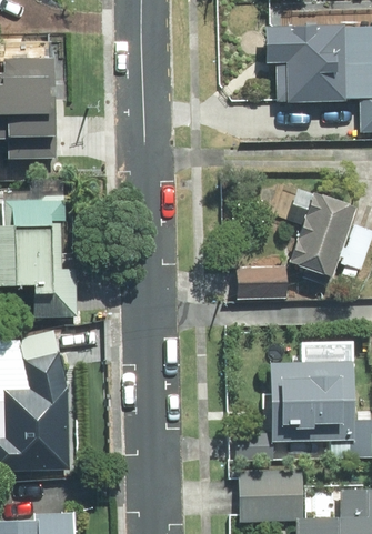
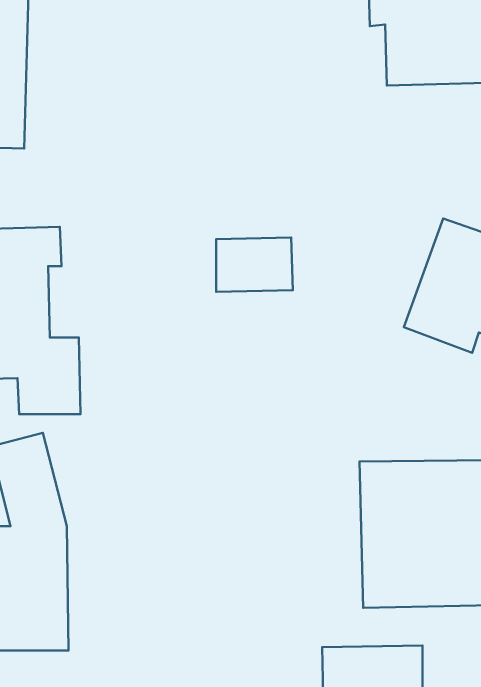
building: [237,265,286,301] -> [216,237,293,292]

